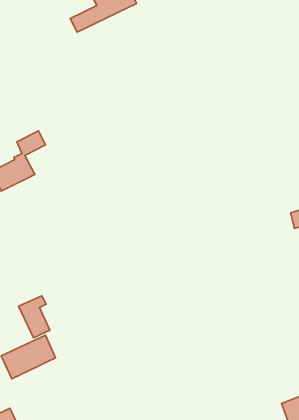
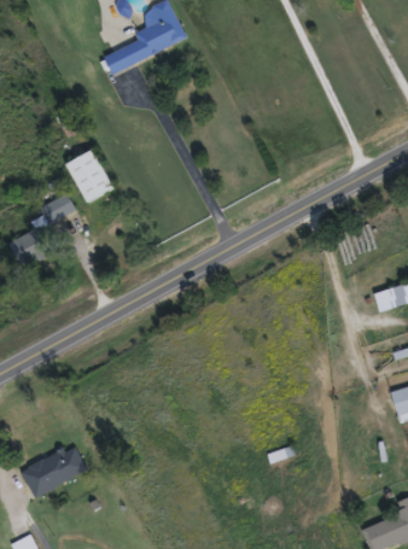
building: none -> [65,151,111,203]
building: [19,296,50,338] -> none

